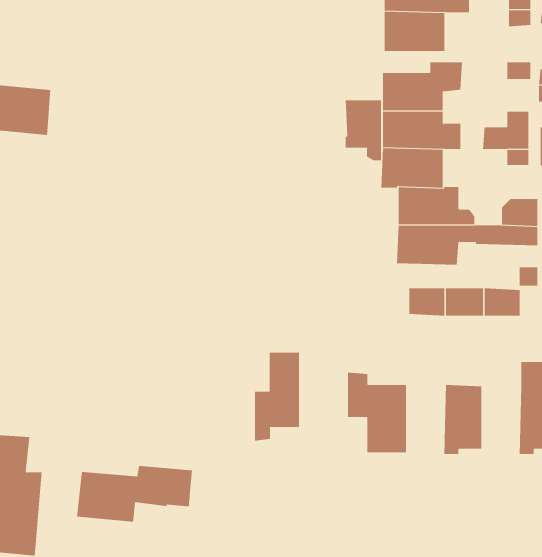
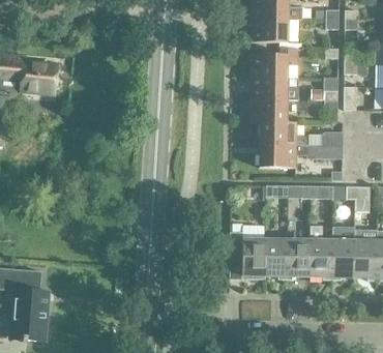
building: [345,99,382,161] -> none
building: [255,352,299,441] -> none
building: none -> [310,225,332,281]
building: none -> [265,239,288,281]
building: [76,465,193,522] -> none

